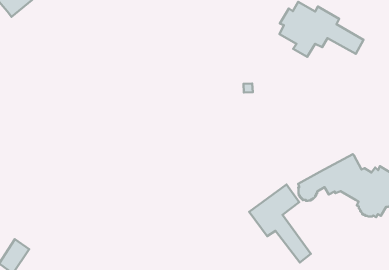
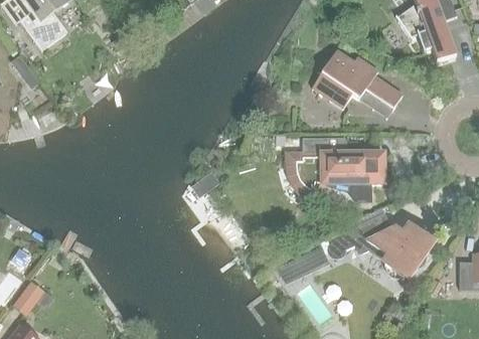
building: none -> [289,137,385,199]

